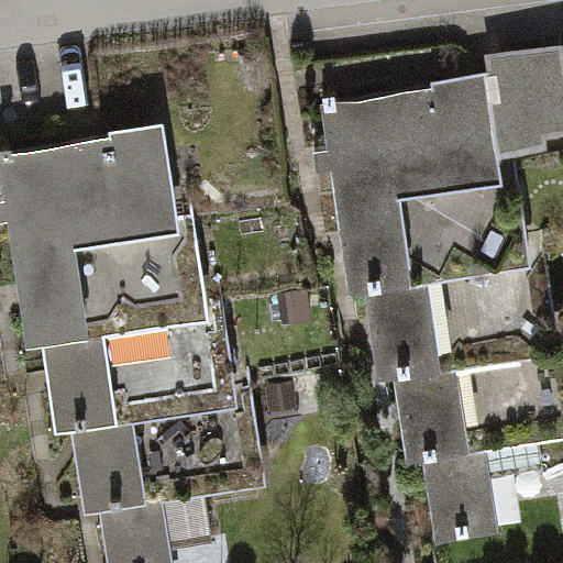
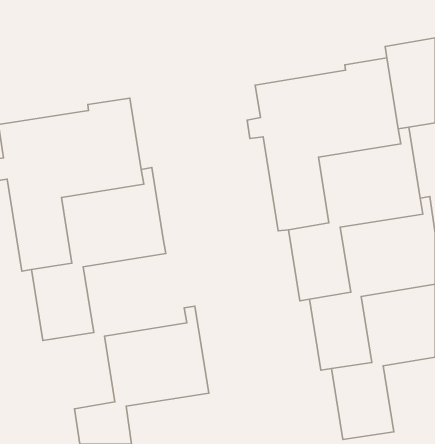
building: [67,297,234,514] -> none

